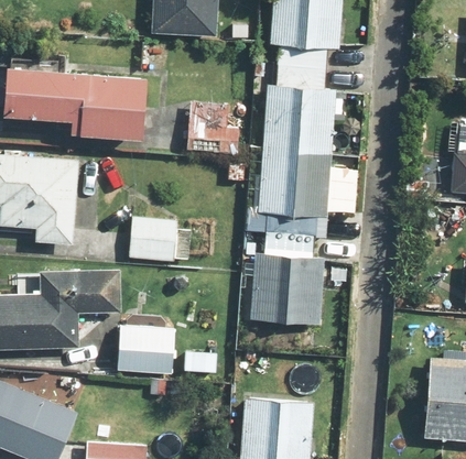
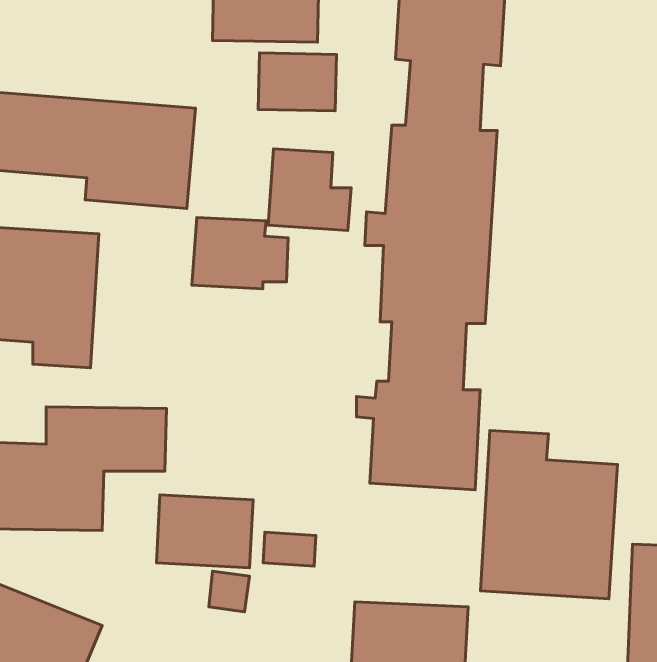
building: none -> [258,53,337,111]
building: [129,216,192,262] -> [192,217,288,289]
building: none -> [481,430,618,599]

